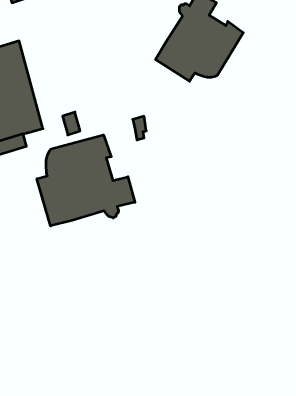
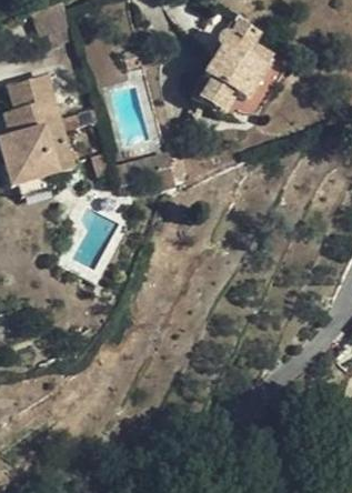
building: [37,135,135,226] -> none

